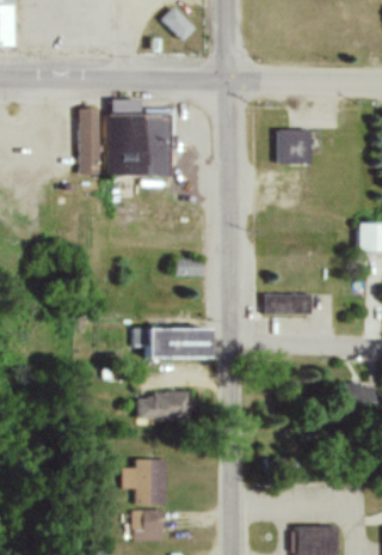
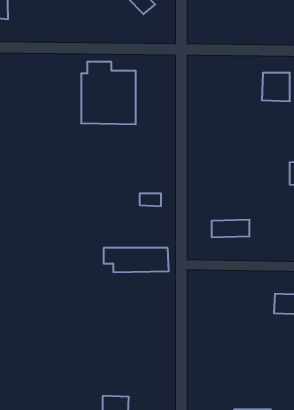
building: [78,108,99,175] -> none
building: [277,129,312,164] -> [262,73,290,101]
building: [137,394,190,419] -> none
building: [122,459,167,505] -> none

